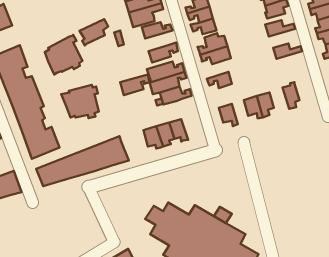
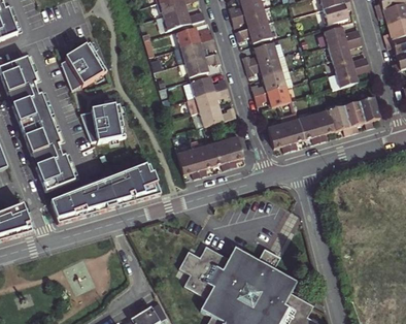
building: [80,19,108,45] -> none
building: none -> [328,35,362,58]
building: none -> [329,62,370,89]
building: none -> [251,70,286,95]
building: [120,74,149,95] -> [179,37,214,62]
building: none -> [359,94,381,127]
building: none -> [327,105,352,134]
building: none -> [281,112,303,150]
building: none -> [223,139,244,168]

